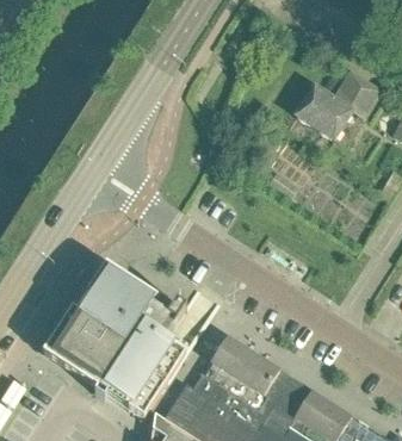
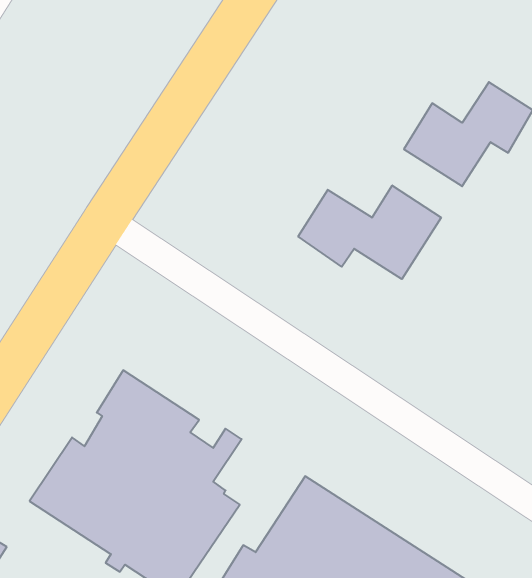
building: none -> [298,185,441,279]

